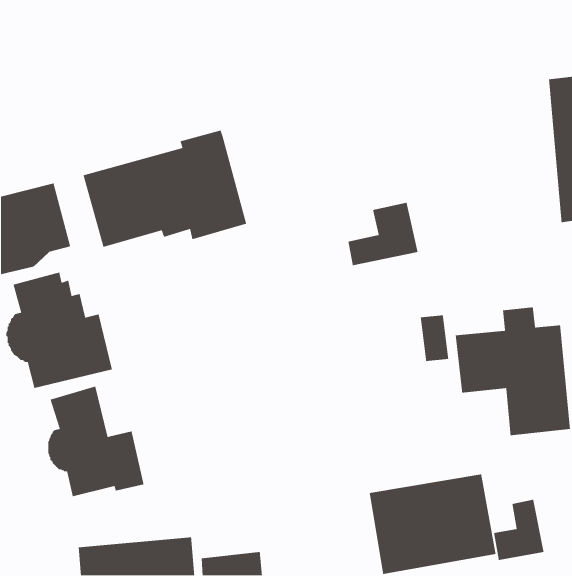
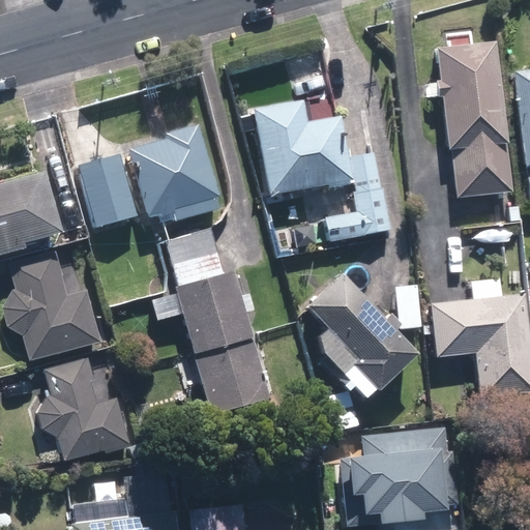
building: none -> [422,31,504,202]
building: none -> [245,97,377,199]
building: none -> [170,227,274,411]
building: none -> [295,279,408,398]
building: [493,499,545,561] -> none

